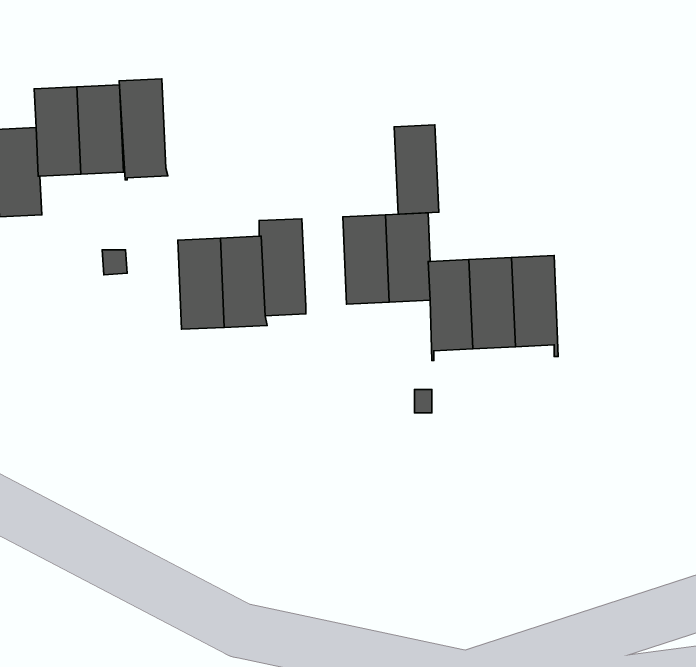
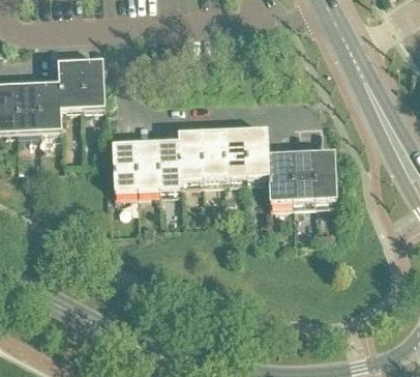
building: [119,79,168,180] -> [112,142,138,196]
building: [394,125,439,214] -> [201,129,224,177]

